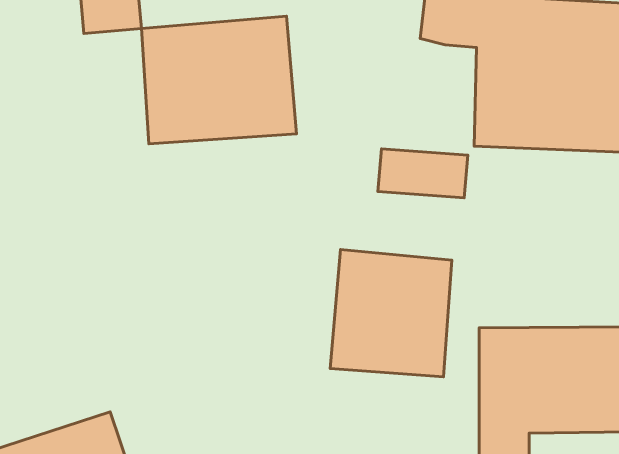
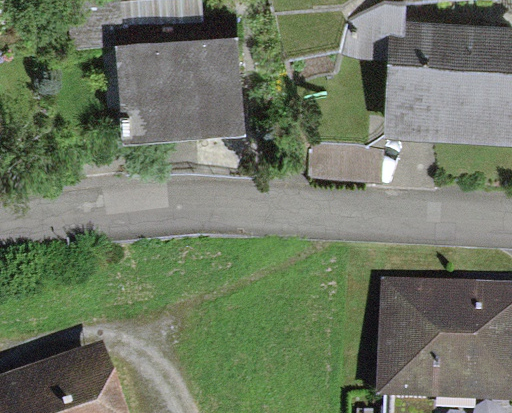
building: [330,249,452,377] -> none

